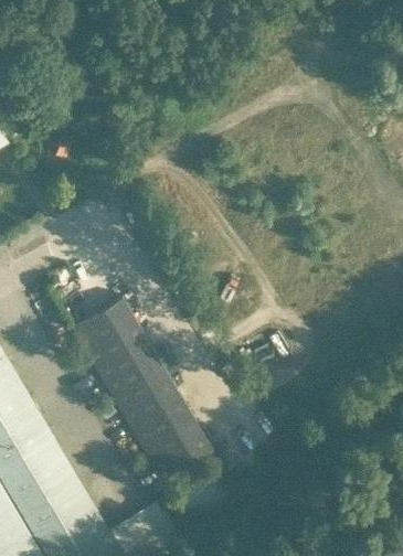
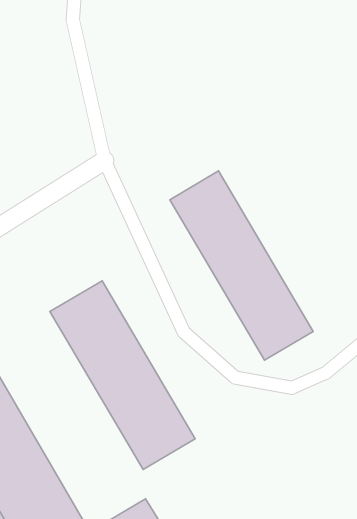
building: none -> [170,171,313,360]

